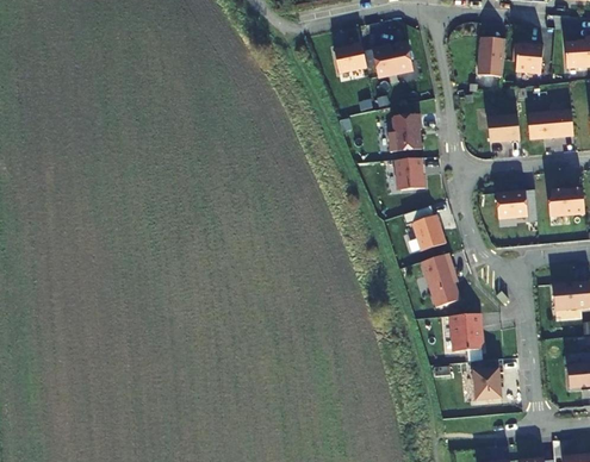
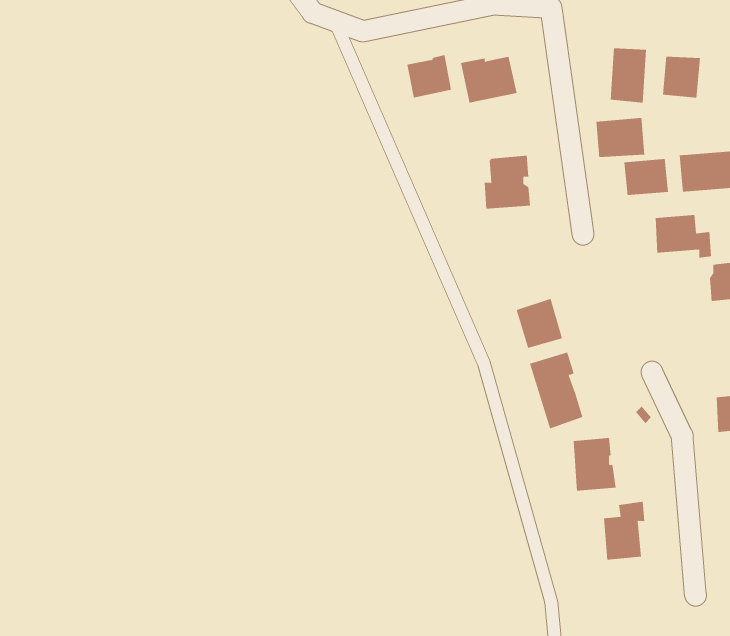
building: none -> [596,117,645,158]
building: [396,158,424,191] -> none
building: [496,192,536,223] -> [655,215,712,258]

